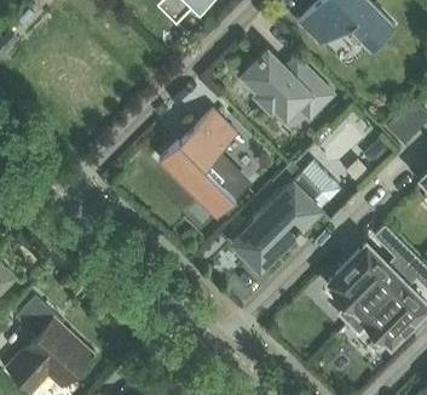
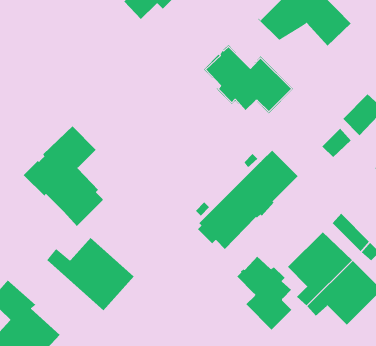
building: [160,109,244,216] -> [23,126,103,227]
building: none -> [47,237,135,311]
building: none -> [236,256,292,330]

